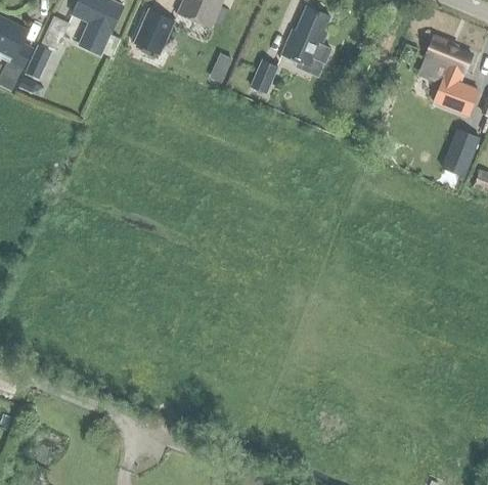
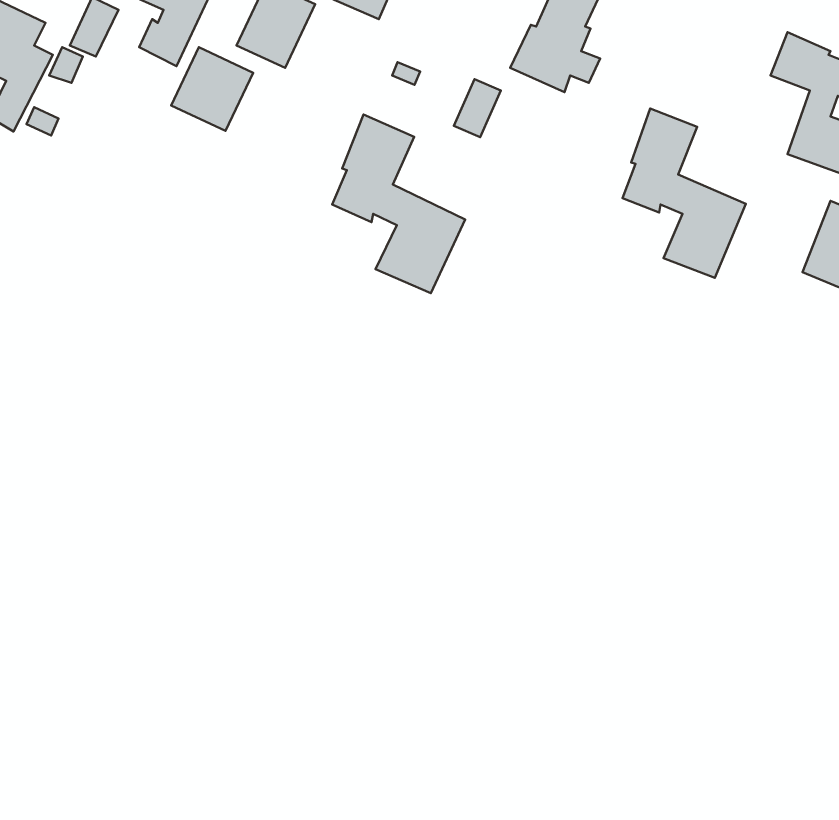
building: none -> [171,47,253,131]
building: none -> [622,109,746,278]
building: none -> [332,115,465,293]

